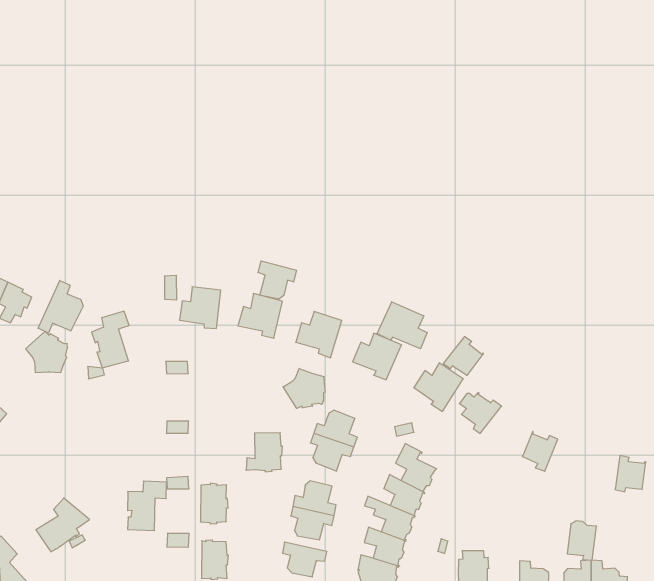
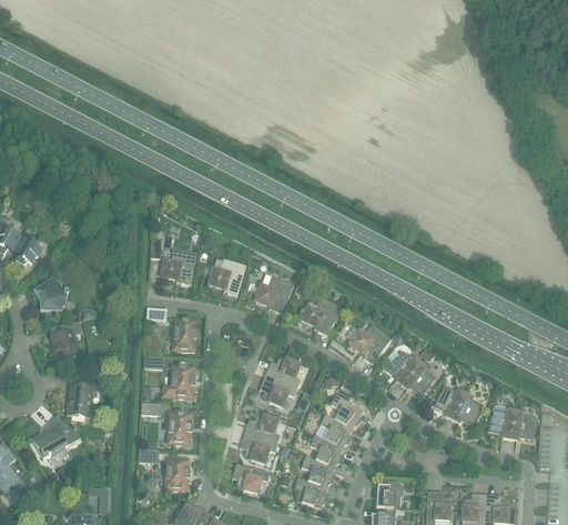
building: [258,261,296,299] -> none
building: [38,280,83,333] -> none
building: [377,302,427,349] -> none
building: [92,311,129,368] -> [51,321,82,366]
building: [443,337,483,376] -> [402,363,435,395]
building: [283,368,325,408] -> none
building: none -> [173,319,196,351]
building: [246,433,282,472] -> [163,365,194,397]
building: none -> [453,393,483,425]
building: [128,481,166,530] -> [68,376,102,417]
building: [567,521,597,560] -> [489,404,515,437]

